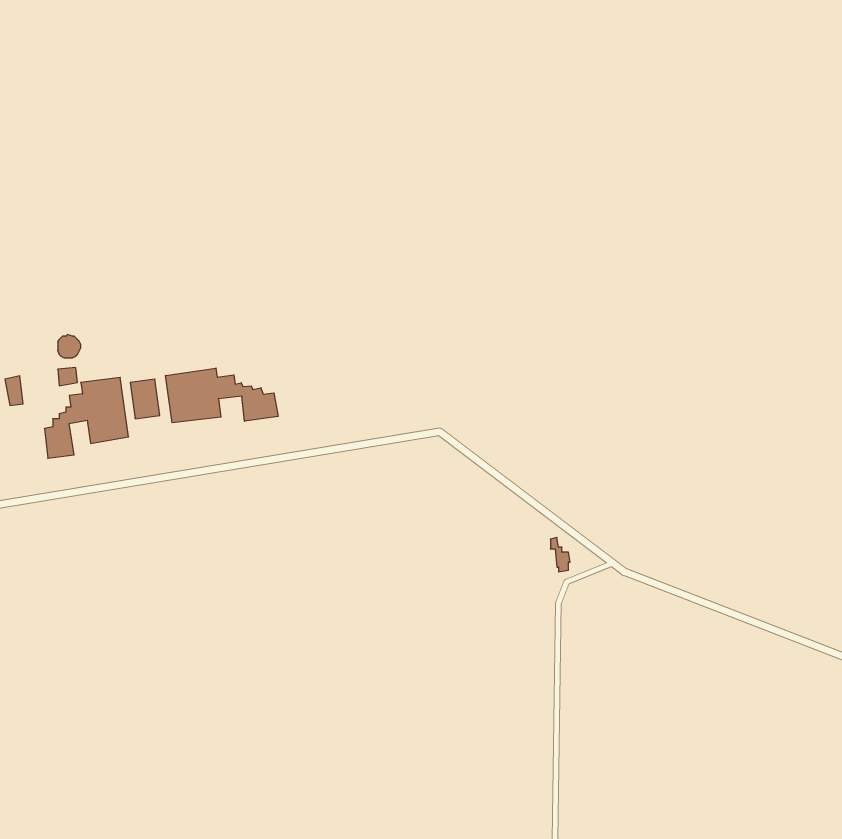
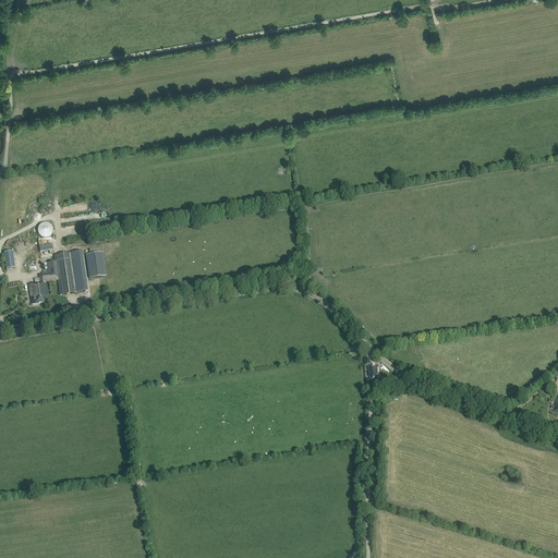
building: [166,368,278,423] -> none

